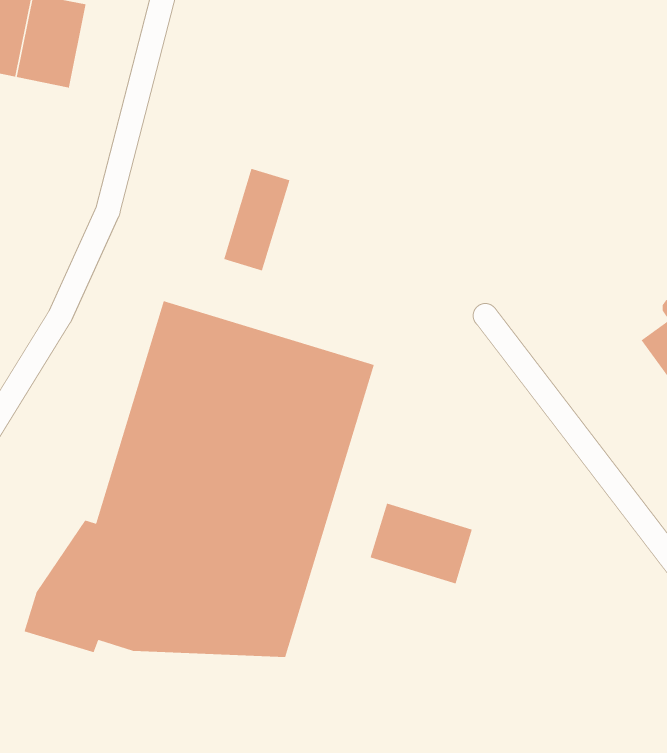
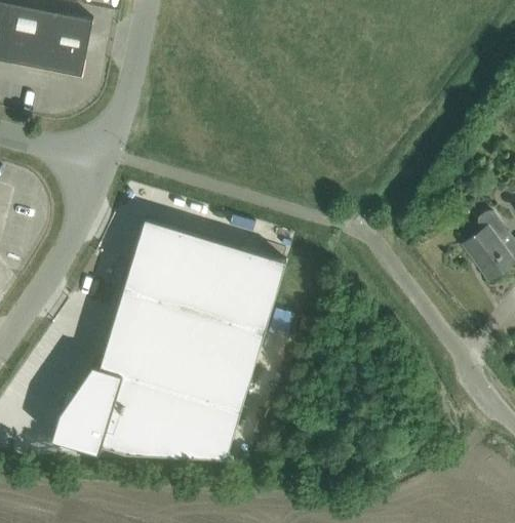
building: [223,168,291,271] -> none
building: [370,503,473,584] -> none

